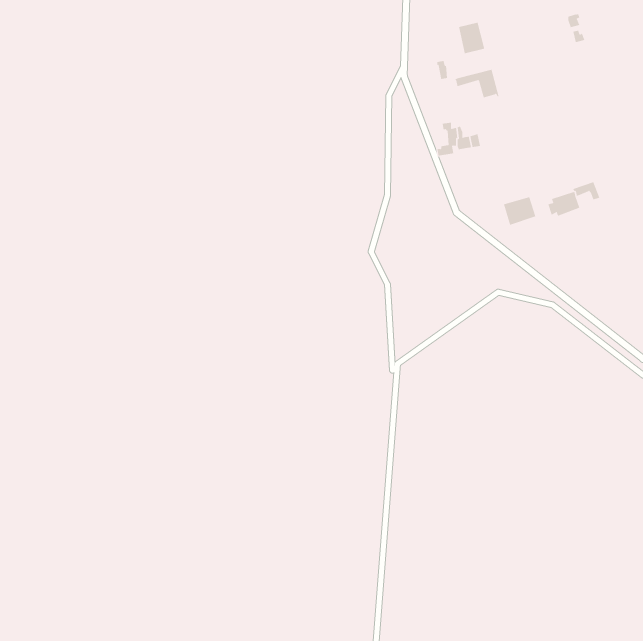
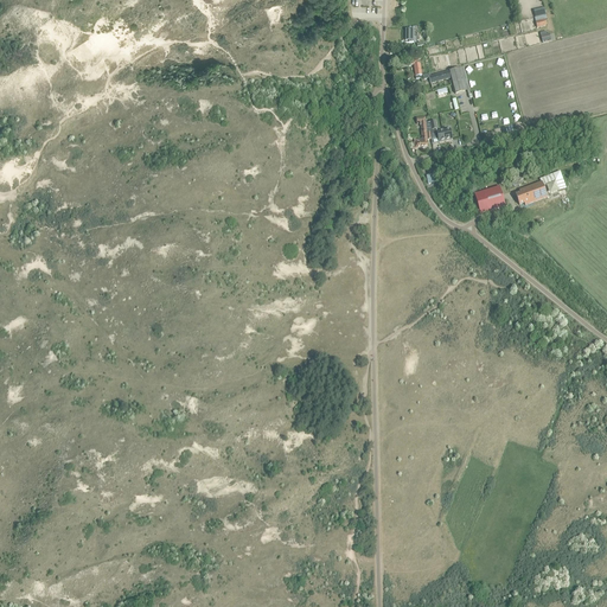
building: [458,22,485,54] -> none

